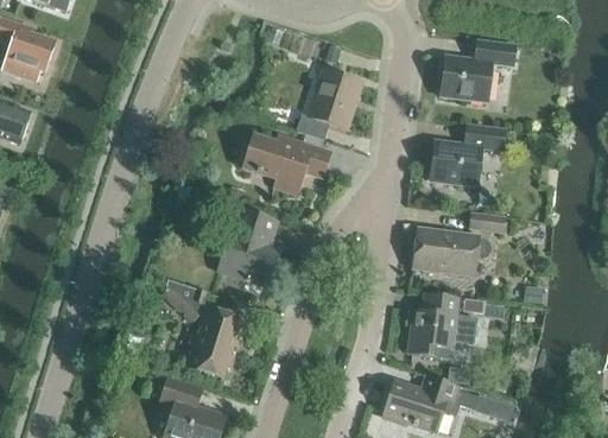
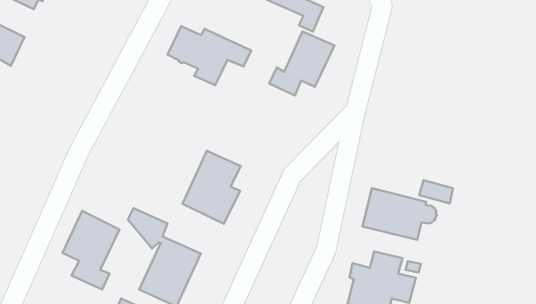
building: [441,40,514,102] -> none
building: [430,126,505,186] -> none
building: [242,135,330,193] -> [167,26,251,85]
building: none -> [63,211,120,290]

